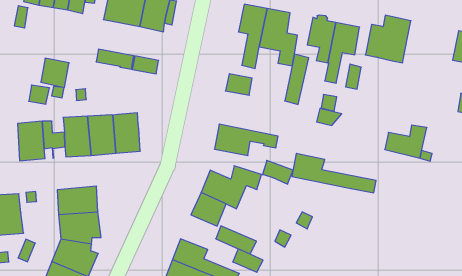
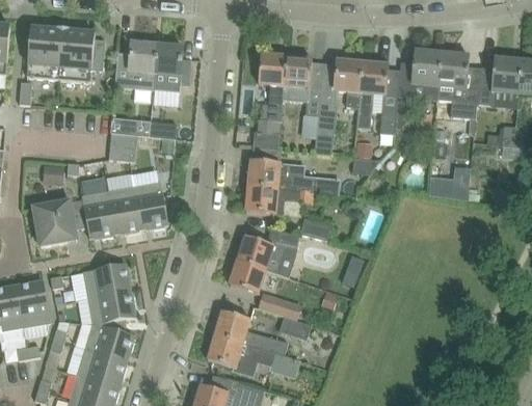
building: none -> [437,53,480,118]
building: [41,58,69,88] -> [108,132,136,161]
building: [292,153,376,193] -> [248,160,339,193]

